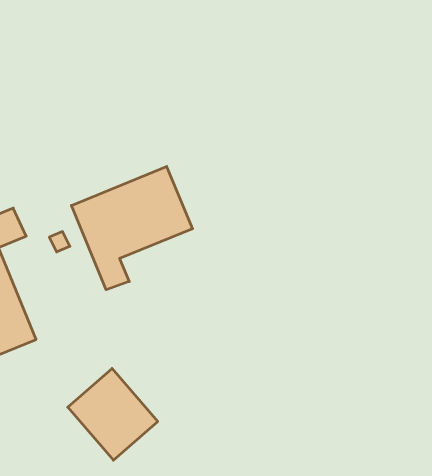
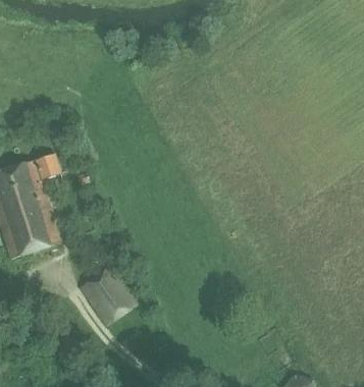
building: [71,166,193,290] -> none

